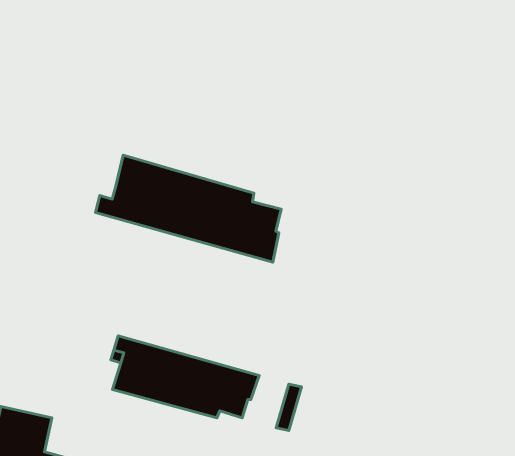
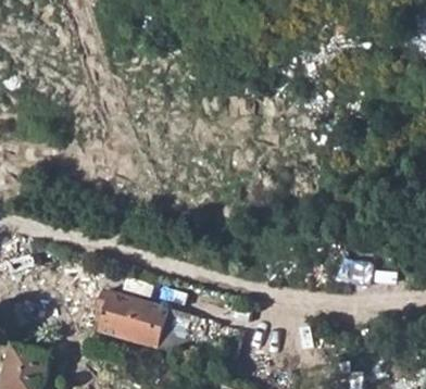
building: [95,155,281,262] -> none

